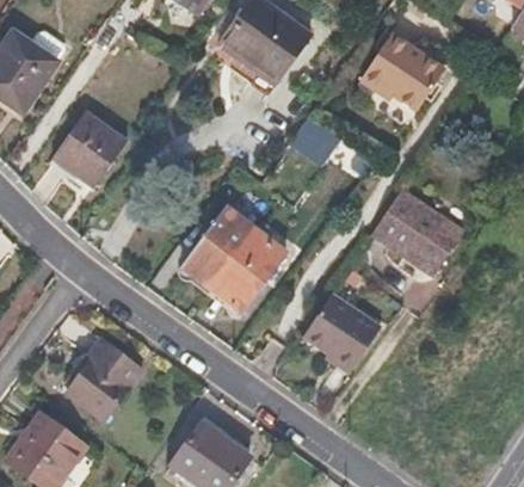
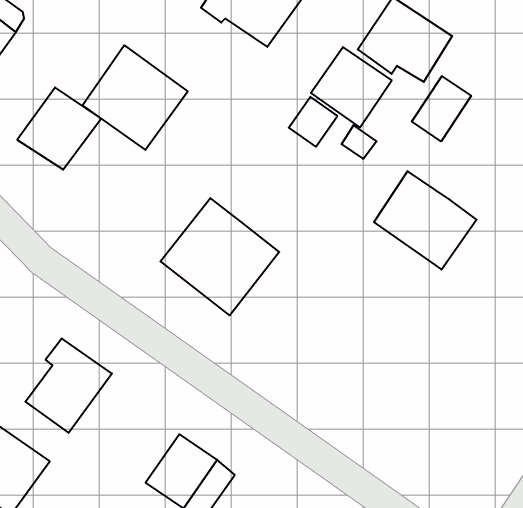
building: none -> [83,45,188,150]
building: none -> [311,47,392,127]
building: none -> [412,76,471,141]
building: [304,294,377,374] -> none

